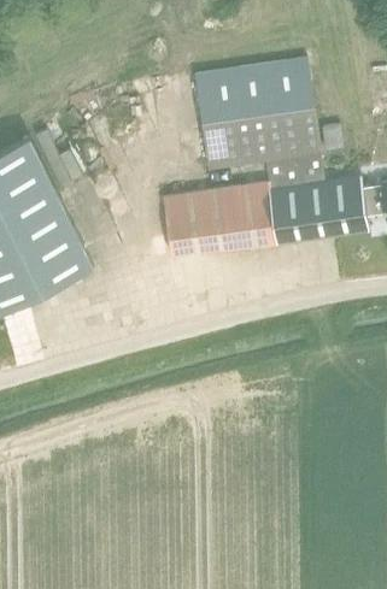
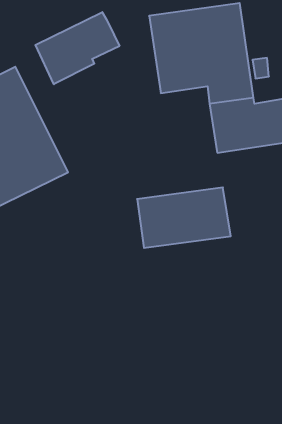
building: none -> [35,12,119,84]
building: [163,182,278,257] -> [137,187,231,248]

